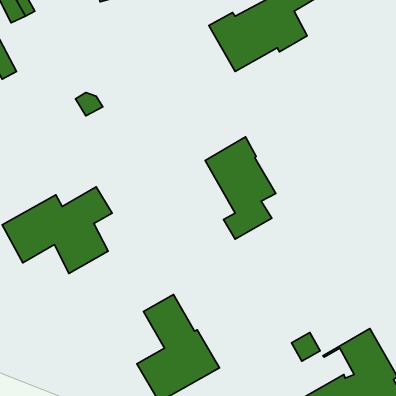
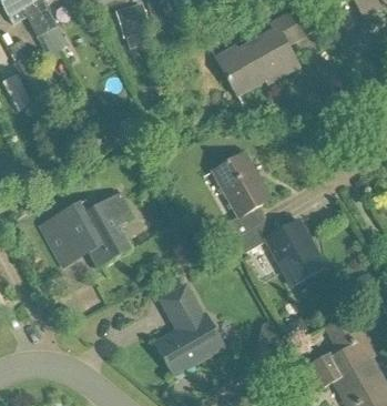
building: none -> [237,219,325,284]

